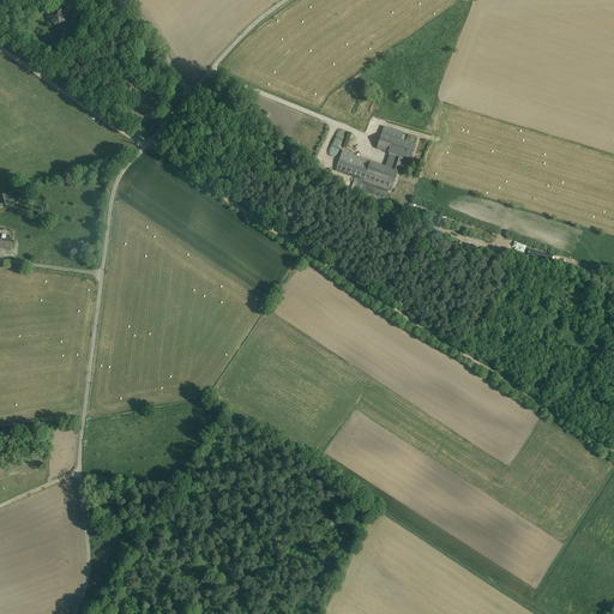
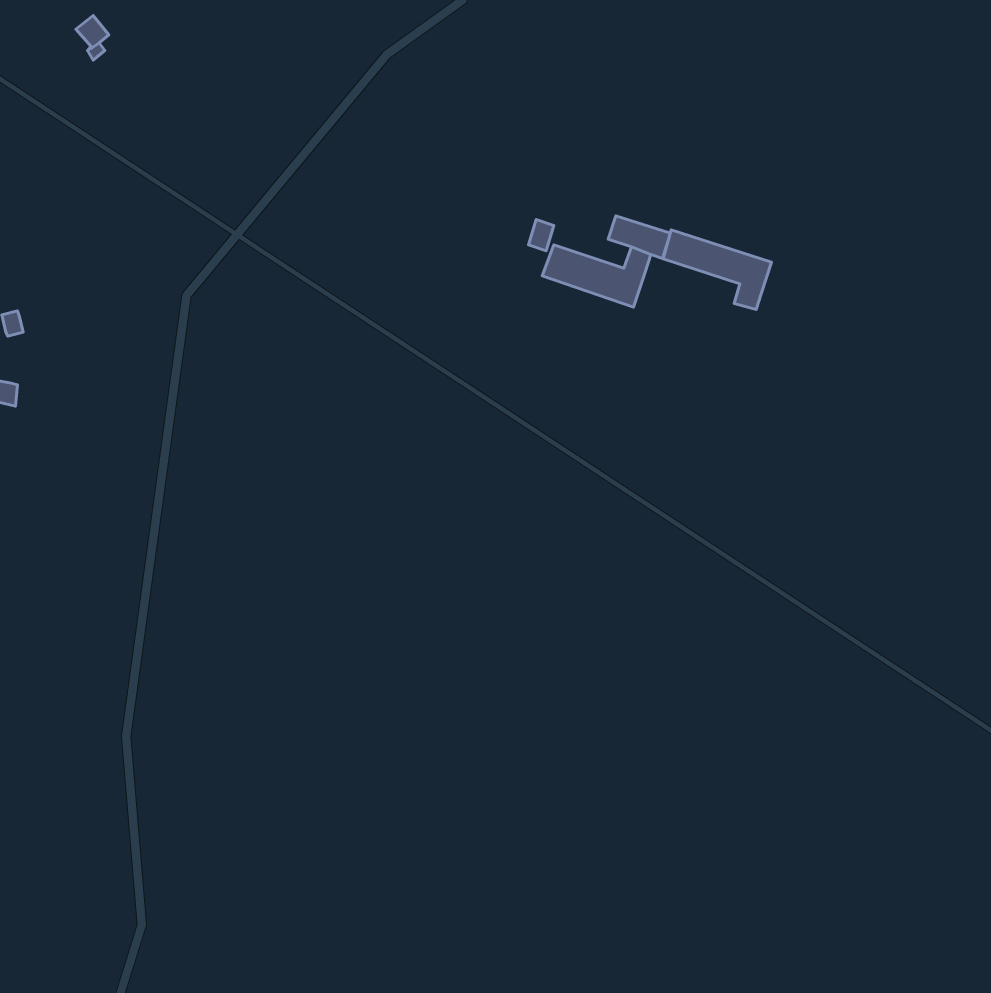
building: none -> [663,230,772,309]

